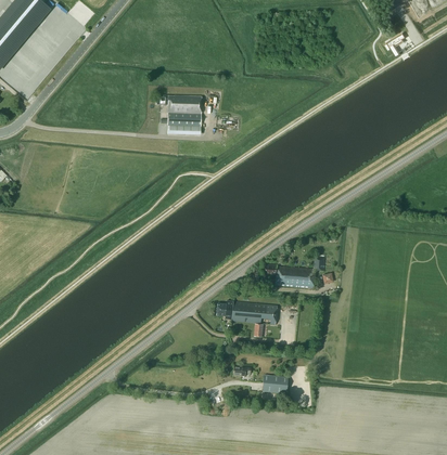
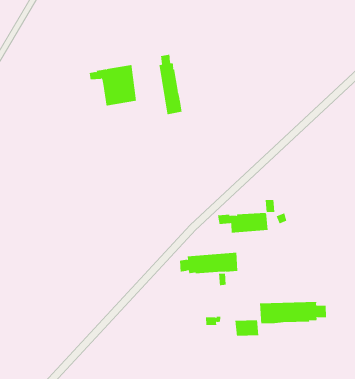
building: none -> [159,54,182,115]
building: none -> [260,301,327,324]

